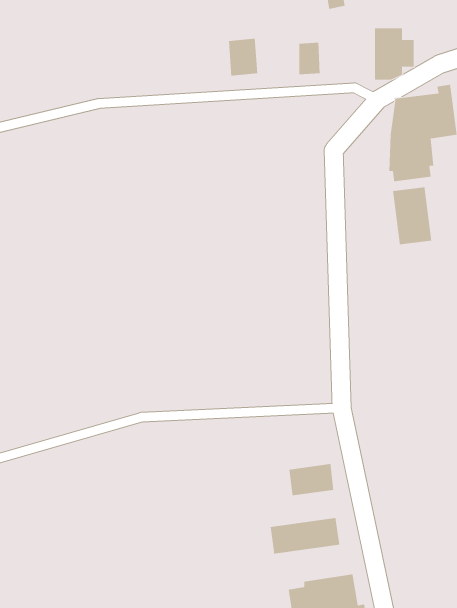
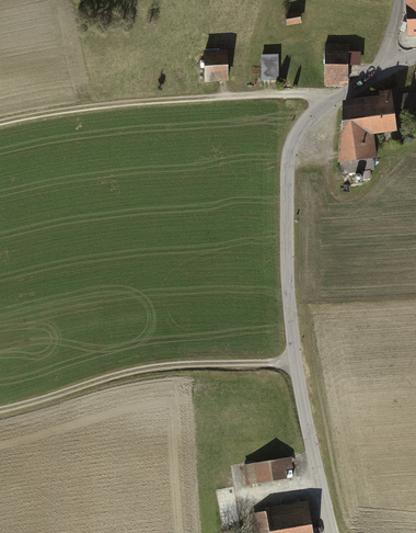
building: [393,186,432,245] -> none
building: [289,463,334,496] -> none

